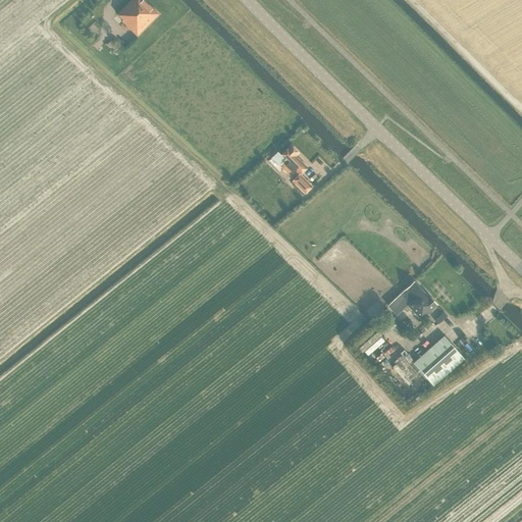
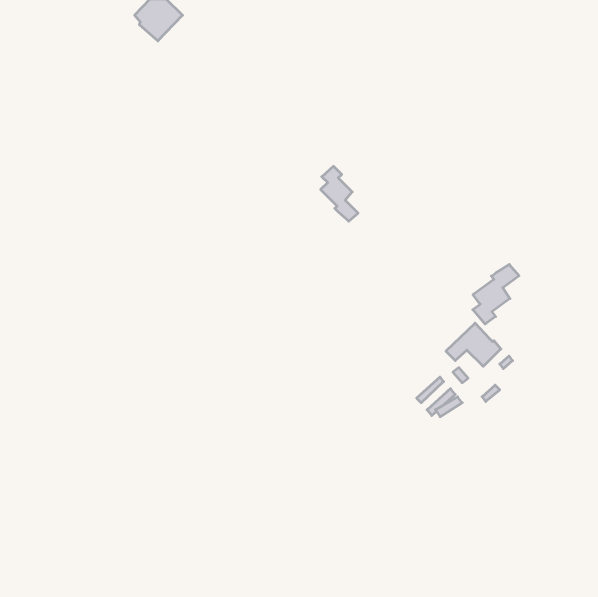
building: none -> [473,264,519,324]
building: [414,335,465,385] -> none

